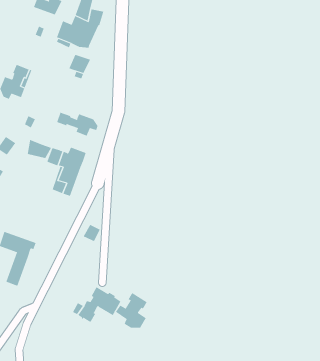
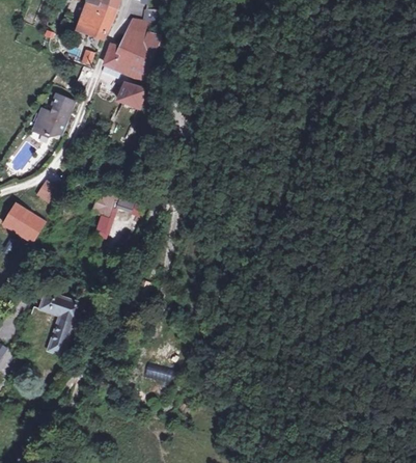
building: [56,112,98,136] -> none
building: [27,139,52,159] -> none
building: [115,292,148,329] -> none

